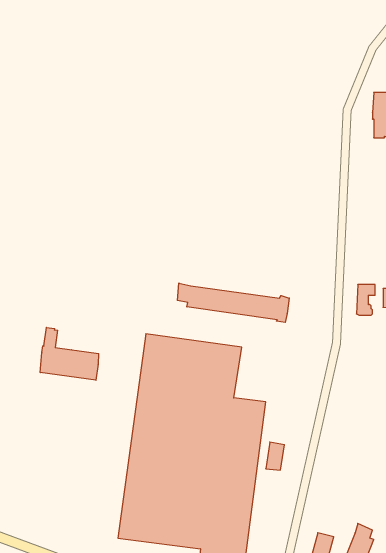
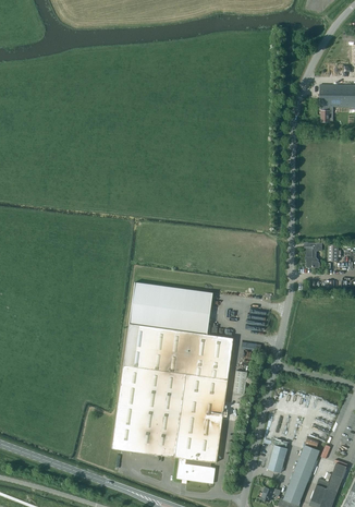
building: [177,283,289,322] -> none
building: [40,327,99,380] -> none

